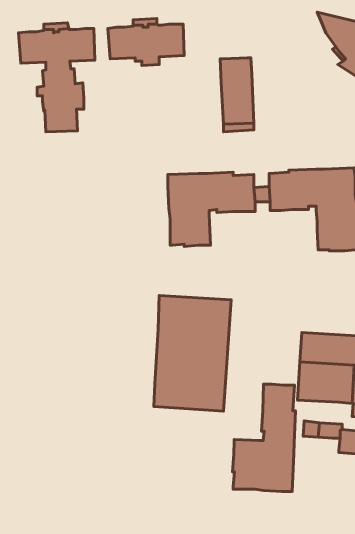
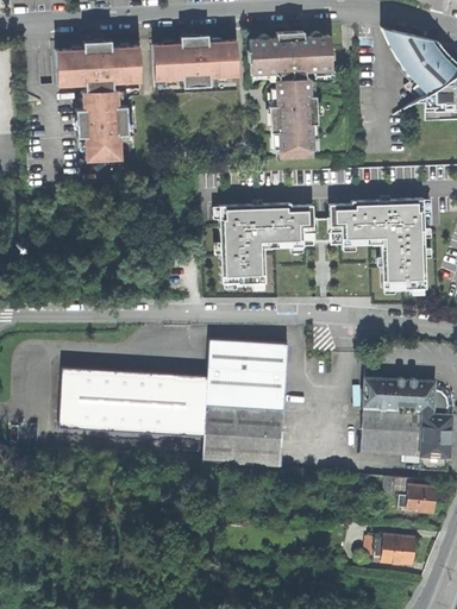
building: none -> [248,37,333,74]
building: none -> [61,366,208,434]
building: [233,384,296,492] -> none
building: none -> [377,534,418,564]

